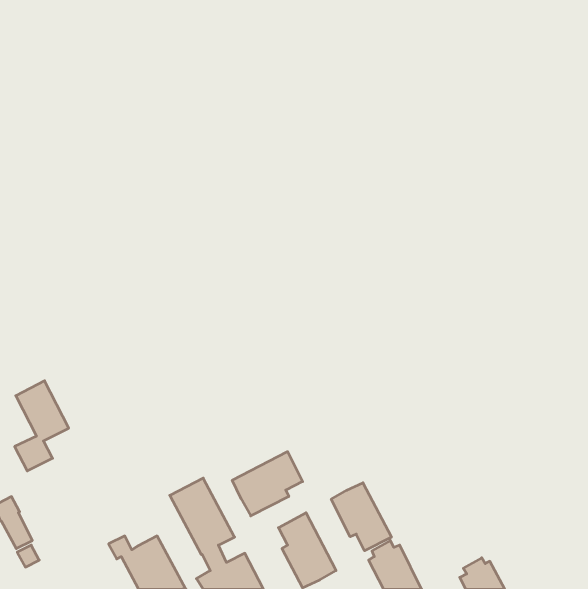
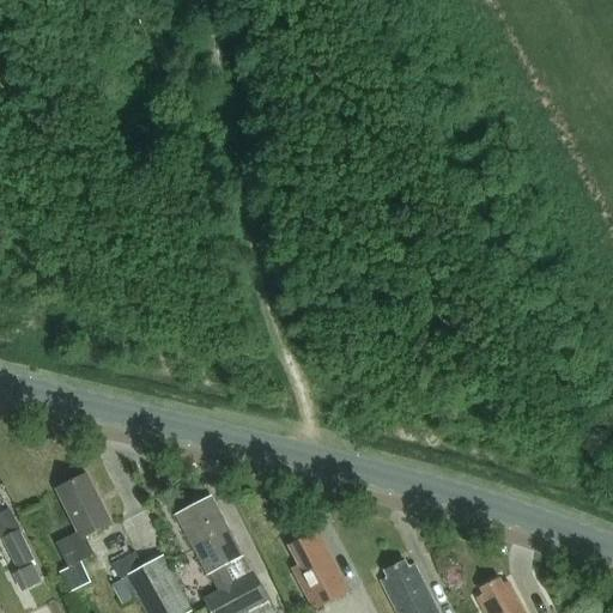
building: [15,381,69,471] -> [55,474,111,568]
building: [232,452,303,516] -> none
building: [331,483,391,551] -> none

